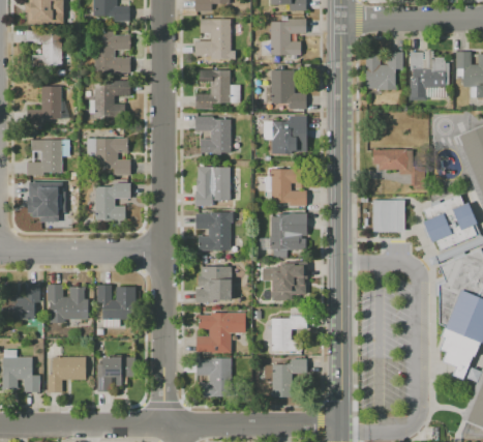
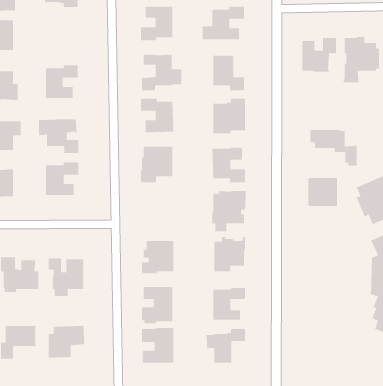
building: [97,31,131,75] -> none
building: [197,213,231,251] -> none

